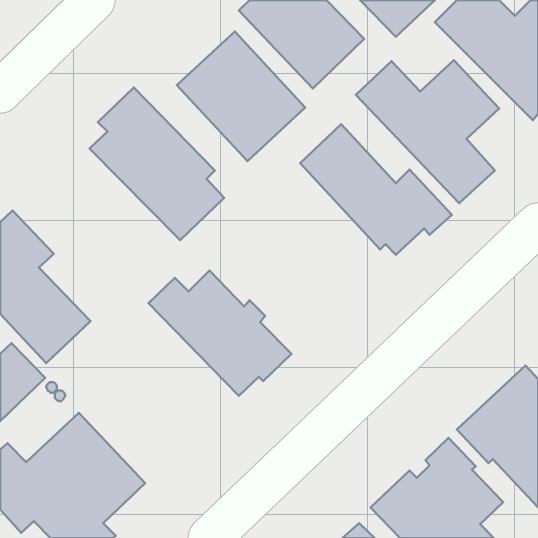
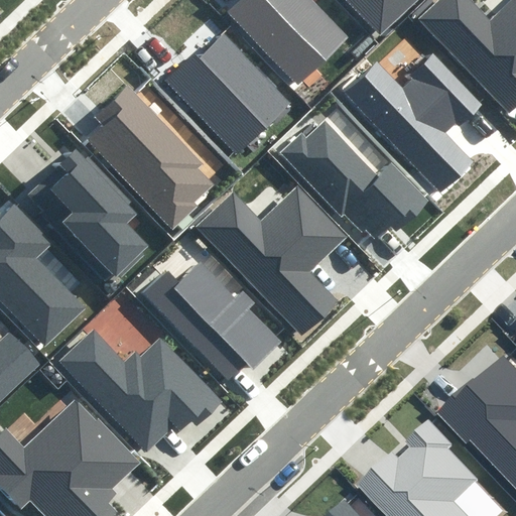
building: none -> [50,147,146,277]
building: none -> [192,187,346,338]
building: none -> [60,329,224,450]

